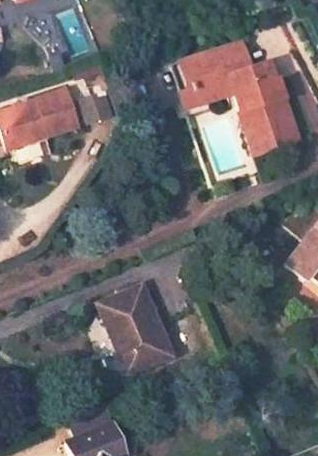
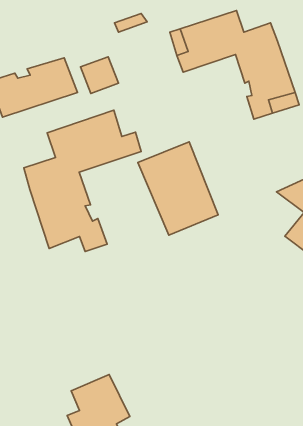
building: none -> [24,110,141,252]
building: [98,278,176,369] -> [138,142,218,235]

